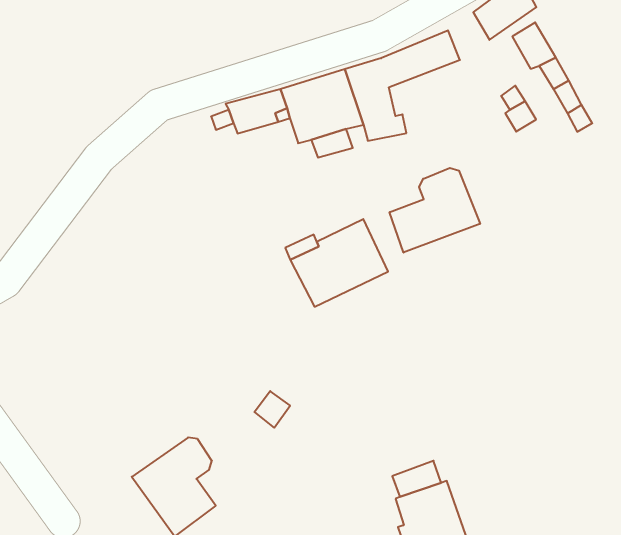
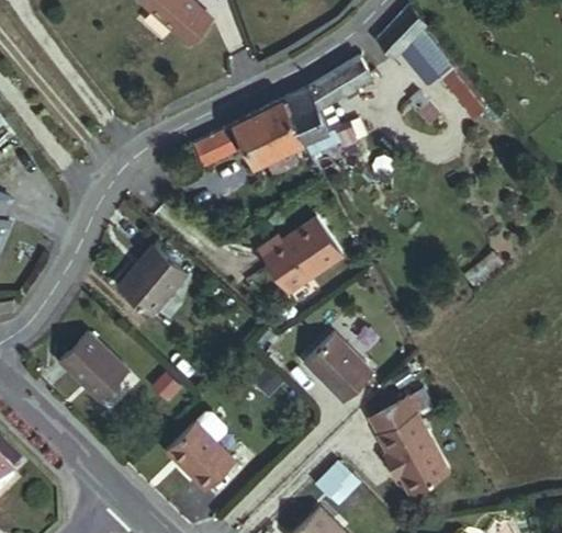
building: [390,168,480,253] -> none
building: none -> [117,246,188,317]
building: none -> [59,332,128,401]
building: none -> [305,332,374,401]

